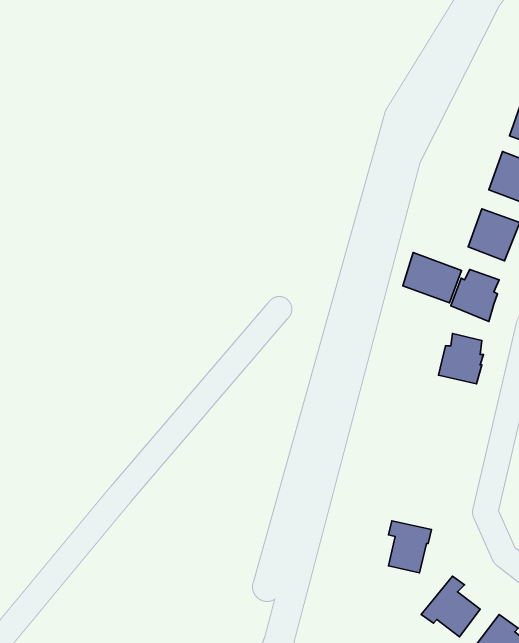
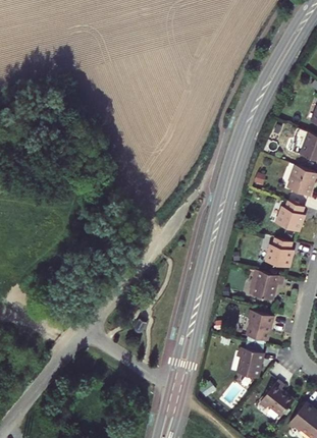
building: [403,253,461,303] -> none
building: none -> [249,270,282,300]
building: none -> [247,311,273,341]

